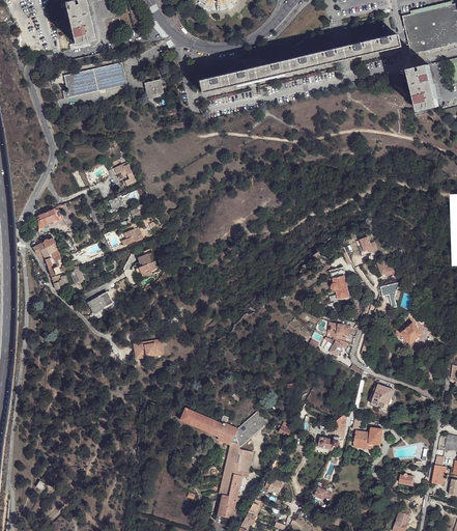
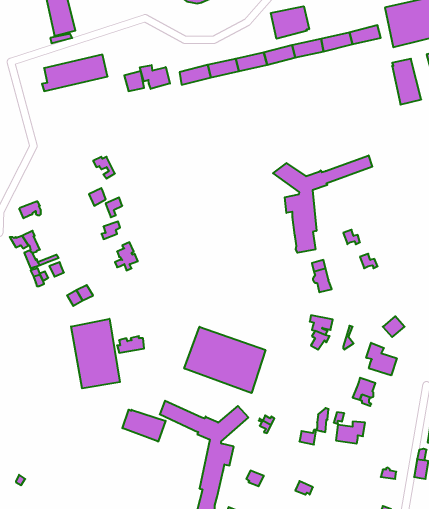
building: none -> [271,6,309,39]
building: none -> [140,65,170,89]
building: none -> [273,155,372,253]
building: none -> [71,319,120,388]
building: none -> [184,327,265,393]
building: none -> [366,343,397,375]
building: none -> [122,410,166,442]

